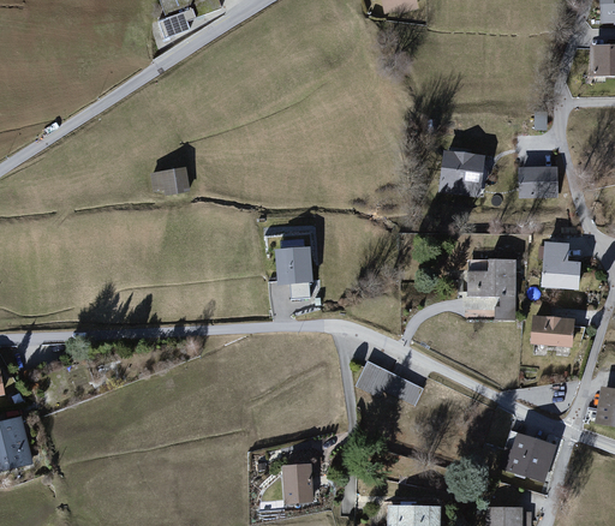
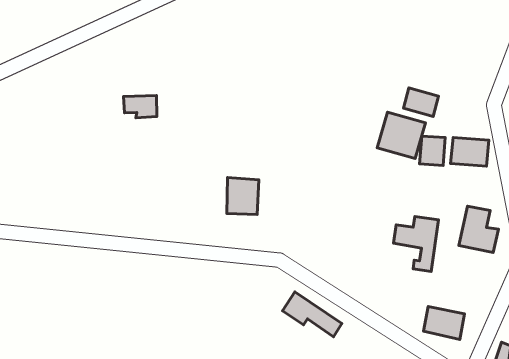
building: none -> [403,88,438,117]
building: none -> [420,136,445,165]
building: [532,315,574,346] -> [424,307,464,339]

